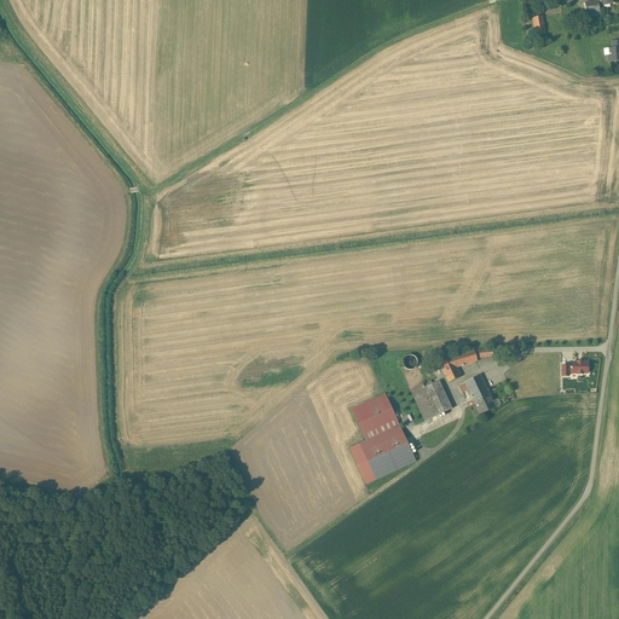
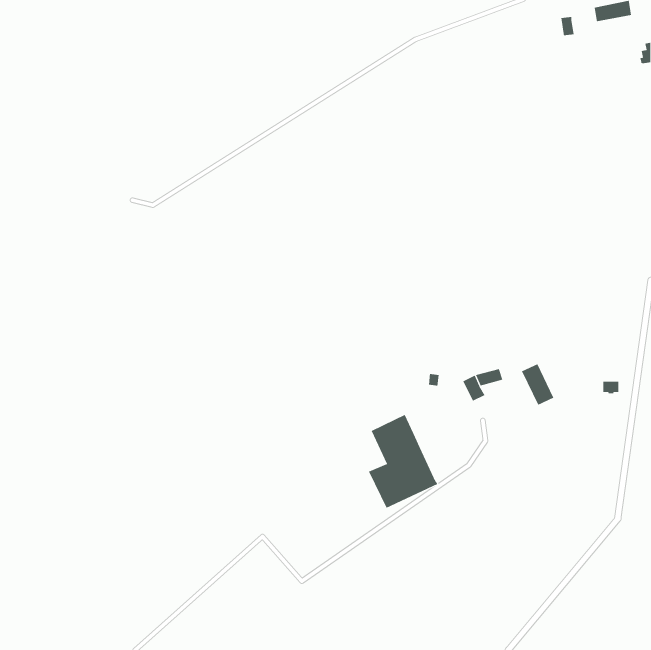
building: [464,374,496,413] -> [521,364,554,406]
building: [410,380,451,421] -> none

